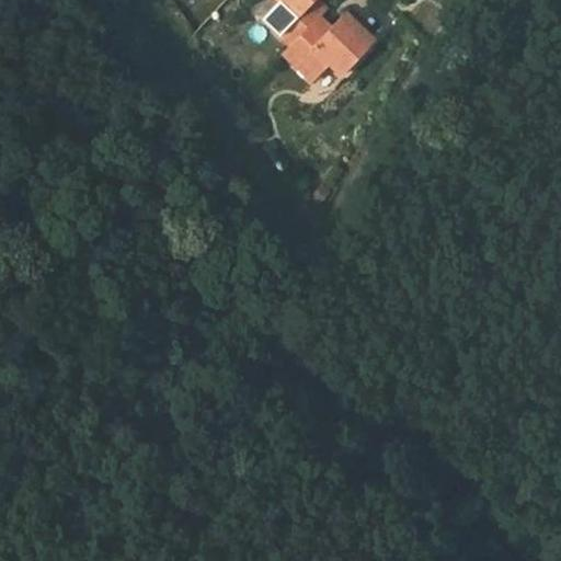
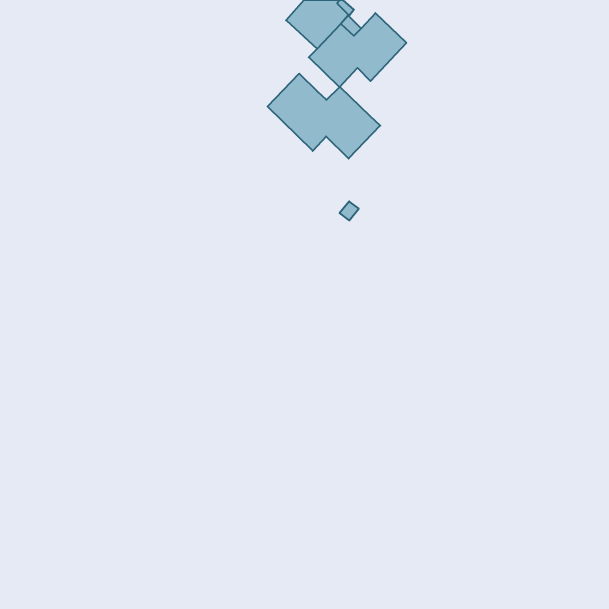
building: none -> [268,74,380,159]

